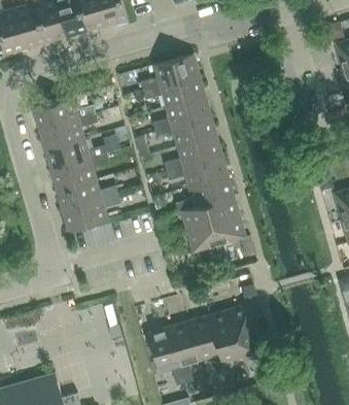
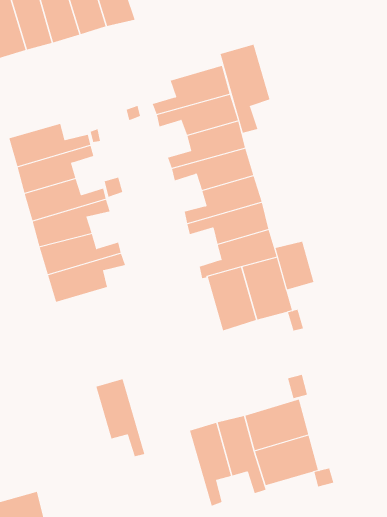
building: none -> [220,44,270,134]
building: none -> [275,241,314,290]
building: [147,327,184,385] -> [96,378,145,457]

